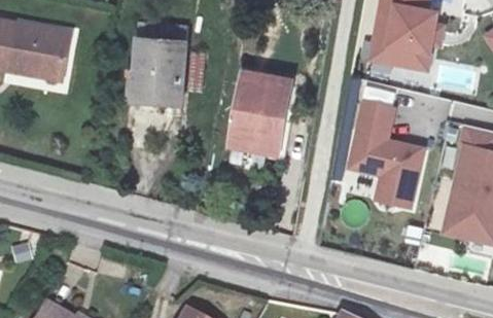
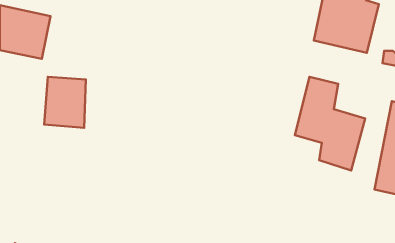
building: [129,48,178,109] -> [44,77,86,128]
building: [216,79,281,162] -> none

